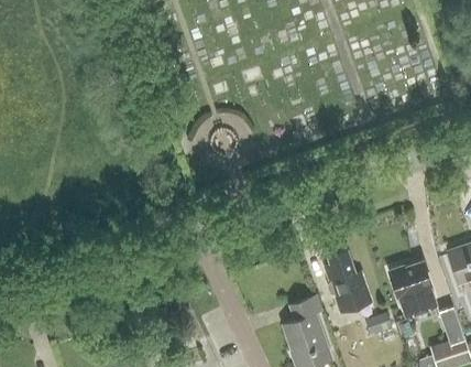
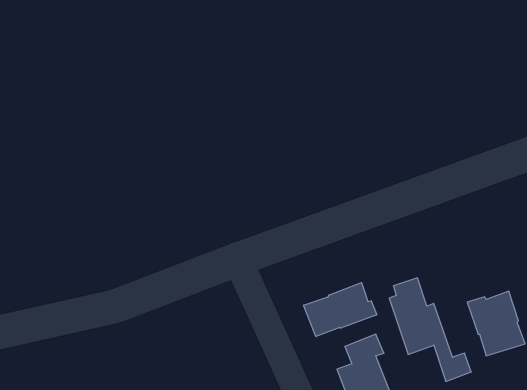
building: none -> [304,283,377,337]

